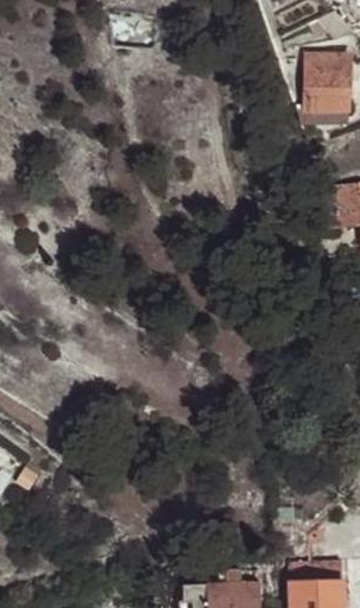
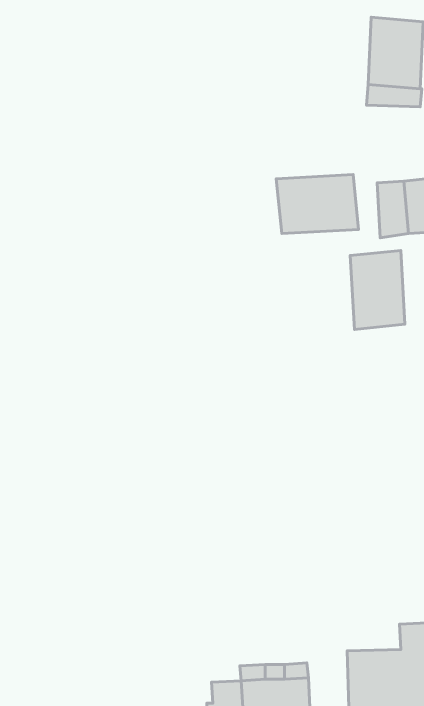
building: none -> [276,174,359,234]
building: none -> [350,250,405,329]

